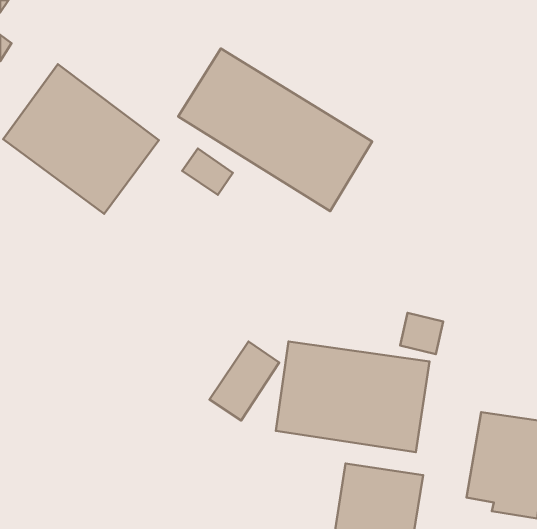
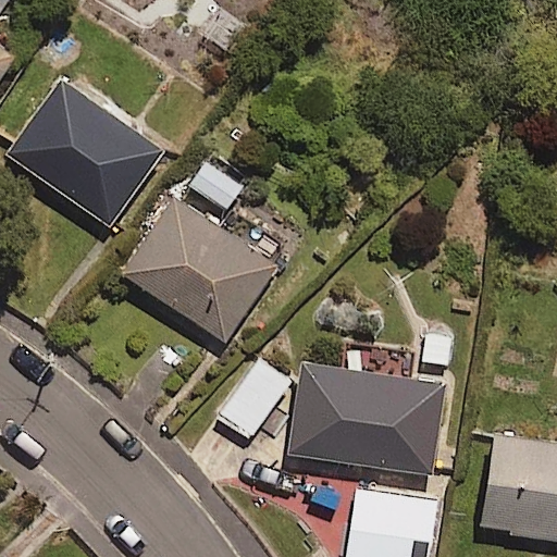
building: [178,48,372,211] -> none
building: none -> [120,193,277,341]

